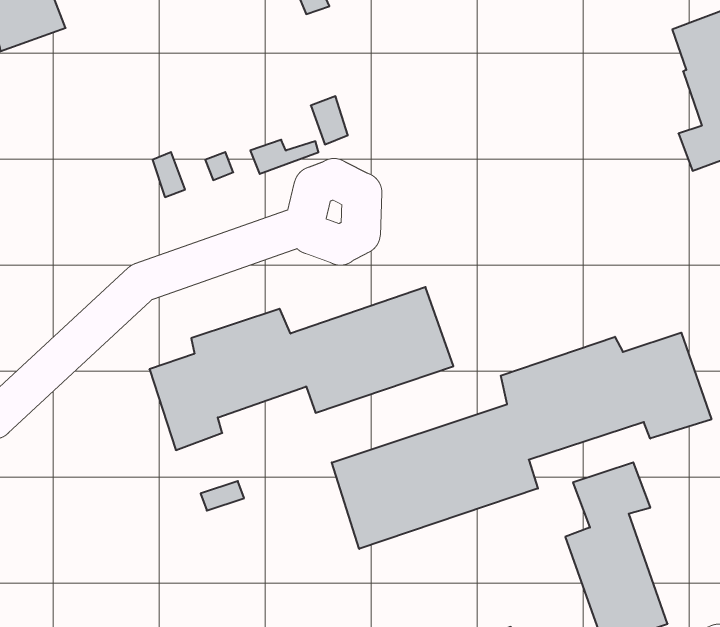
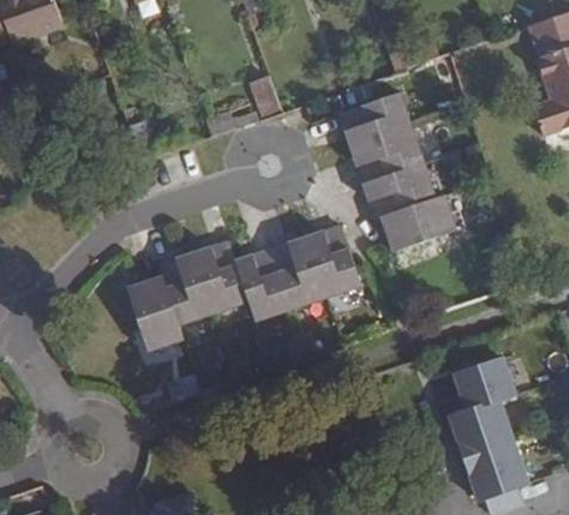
building: none -> [337,92,456,252]
building: [332,333,711,549] -> none

